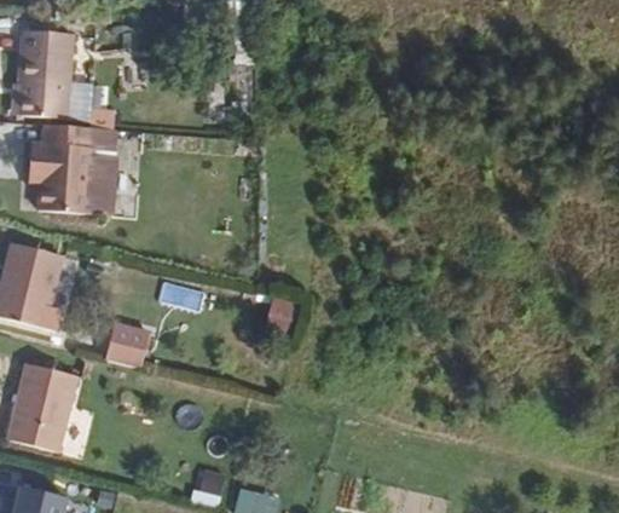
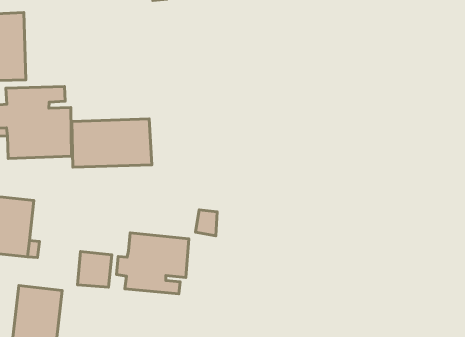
building: none -> [72,119,152,167]
building: none -> [116,233,189,294]

